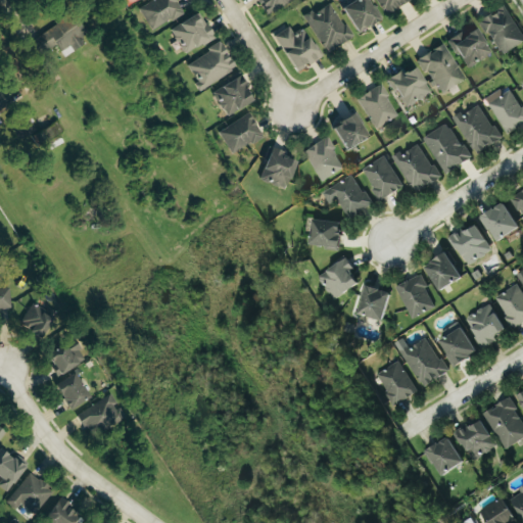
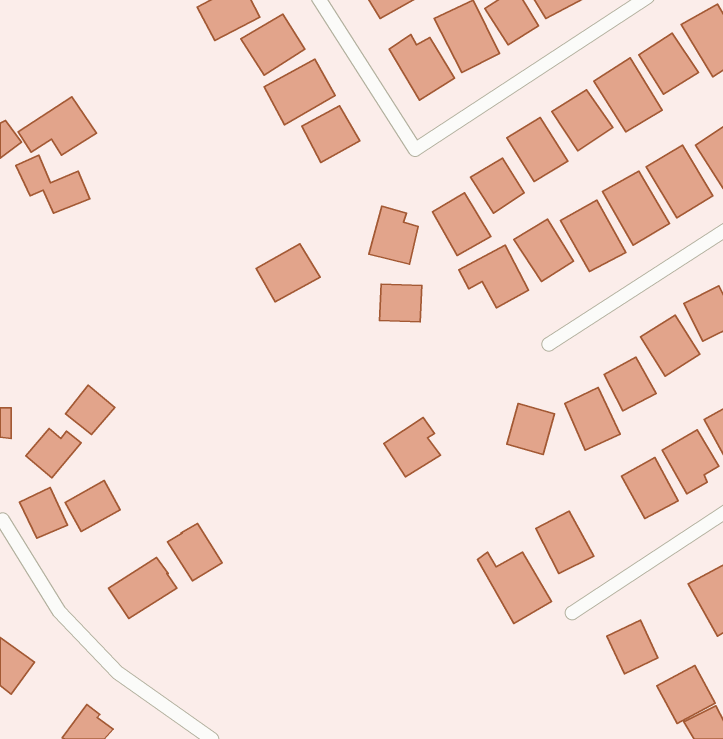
building: [34,14,89,55] -> [18,97,97,155]
building: [219,112,264,153] -> [256,244,320,302]
building: [312,220,341,246] -> [380,284,422,322]
building: [319,257,359,299] -> [384,417,440,477]
building: none -> [66,385,115,435]
building: [396,337,448,387] -> [477,552,551,623]
building: none -> [168,524,222,581]
building: [54,373,88,409] -> [20,487,67,538]
building: [456,419,496,460] -> [657,666,715,724]
building: [7,472,53,509] -> none

